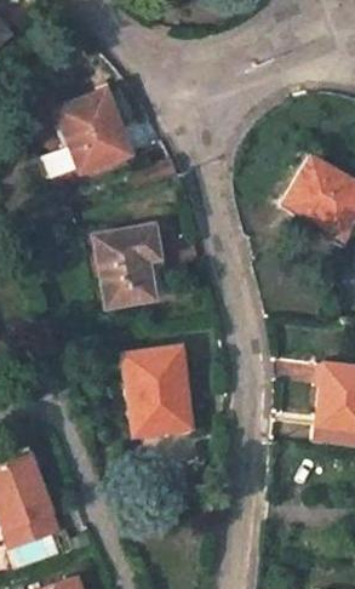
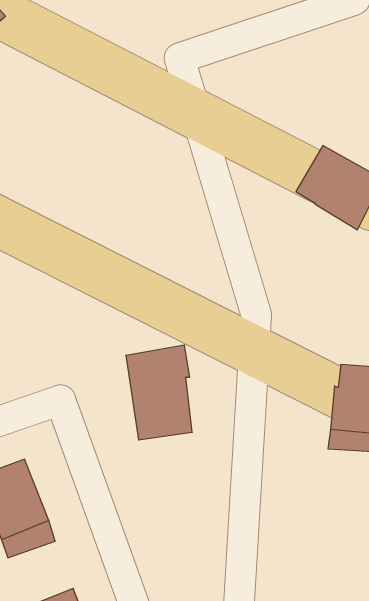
building: [56,90,128,172] -> none
building: [95,225,164,305] -> none

